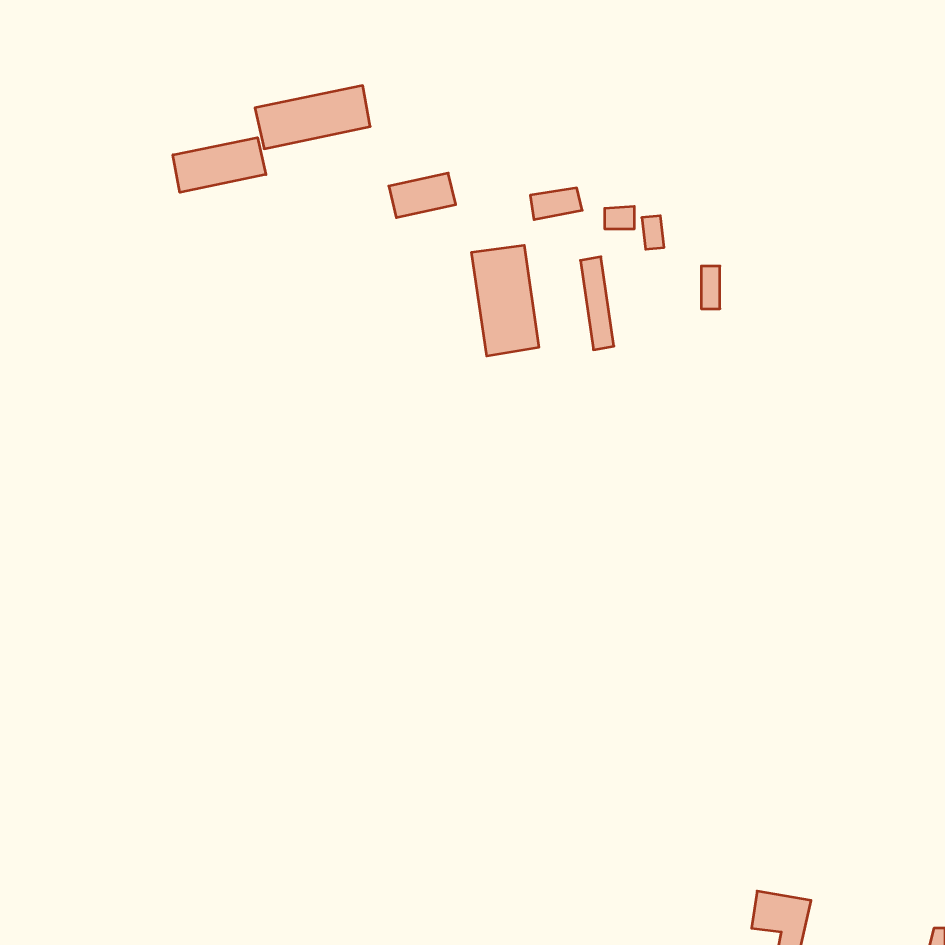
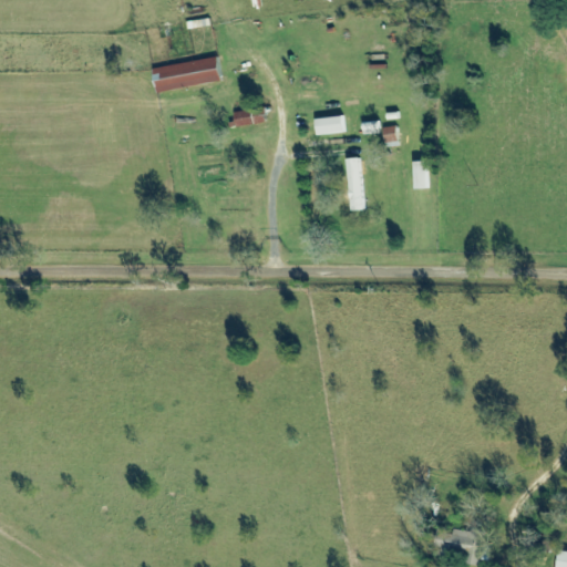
building: [173,138,266,192] -> none
building: [472,245,539,356] -> none

